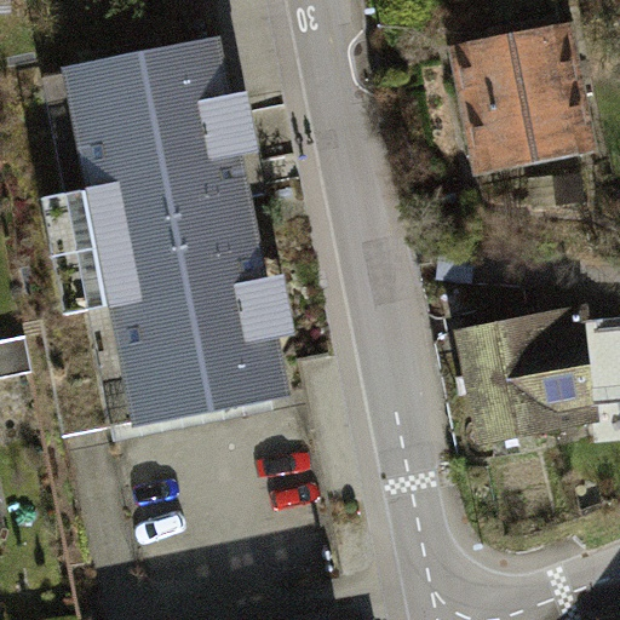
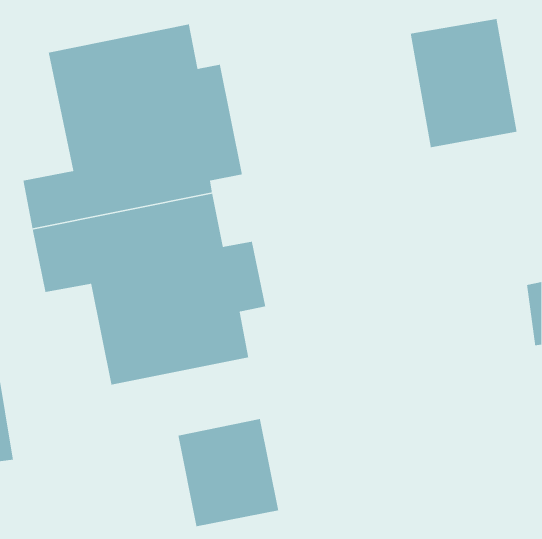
building: [460,309,605,447] -> none
building: none -> [178,418,279,527]

